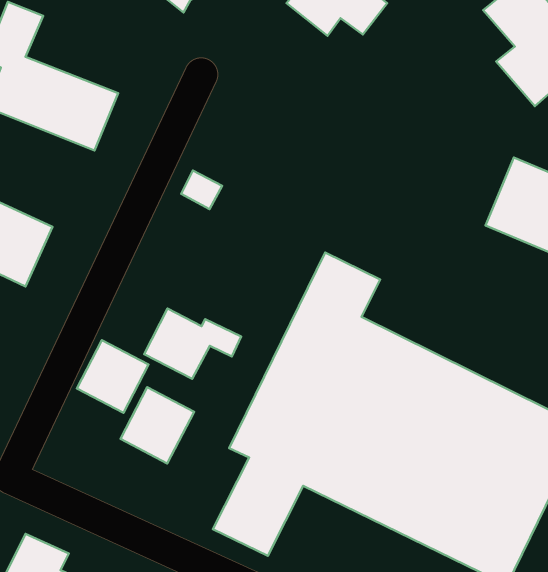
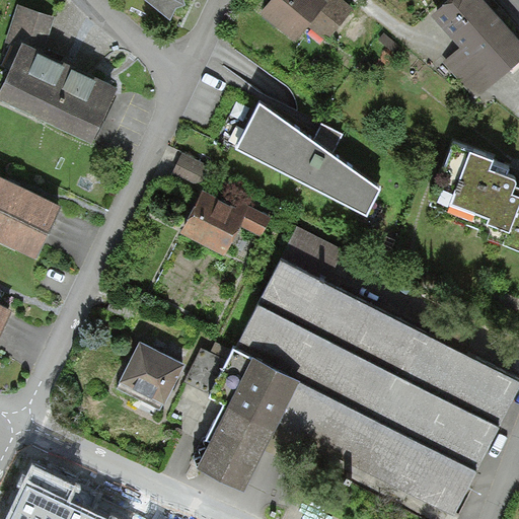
building: none -> [234,97,385,218]
building: [144,308,241,379] -> [182,193,267,253]
building: [77,340,149,413] -> none

